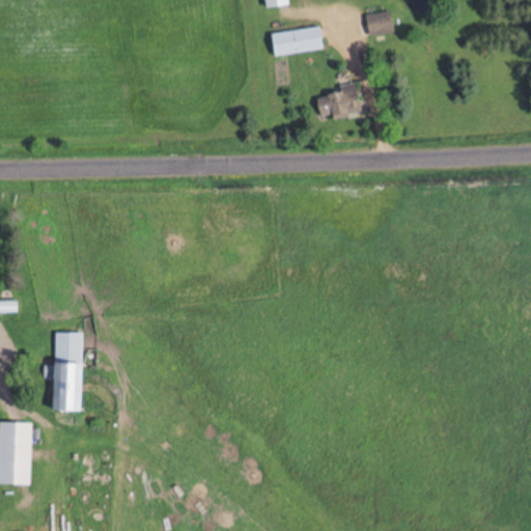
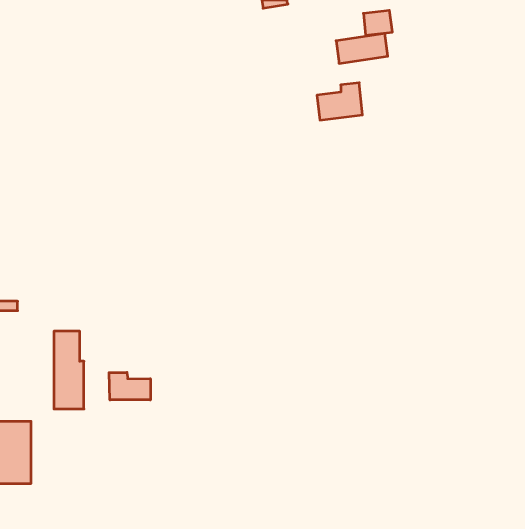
building: [271,26,323,56] -> [336,33,388,63]
building: none -> [109,372,150,400]

